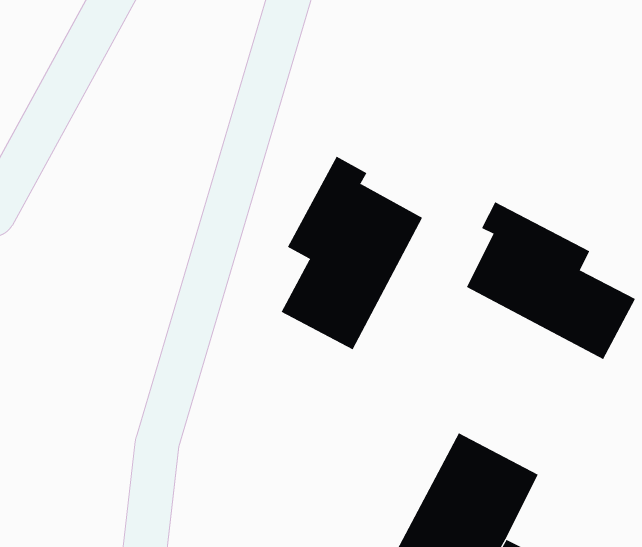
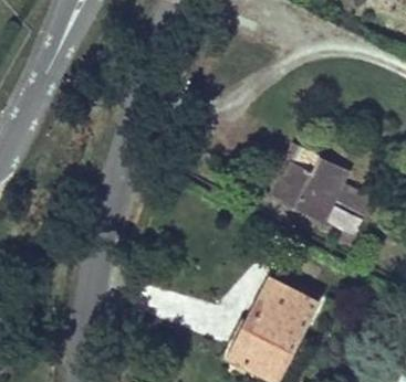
building: [281,156,423,350] -> none

